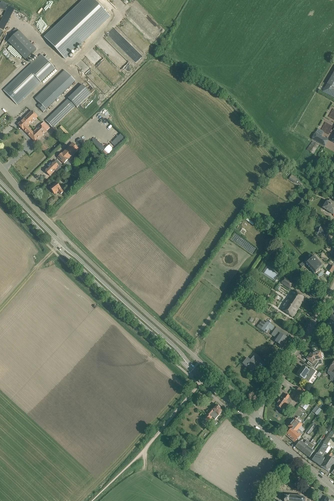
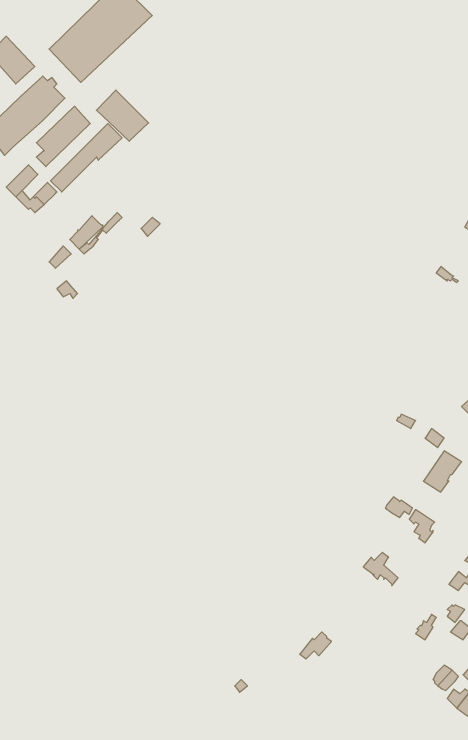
building: none -> [96,90,149,141]

